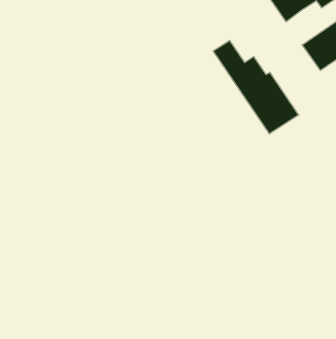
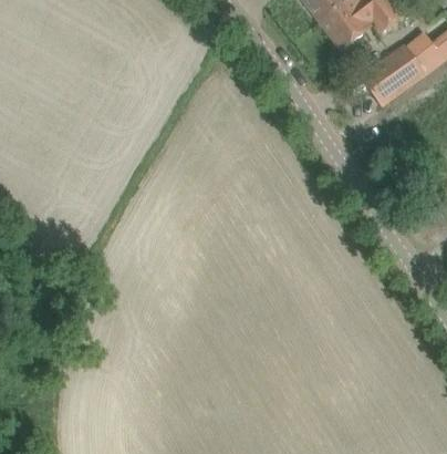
building: [213,40,299,134] -> none

